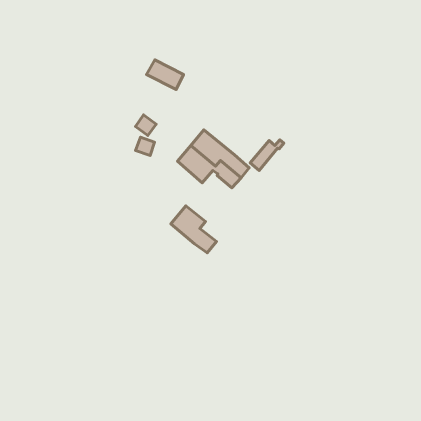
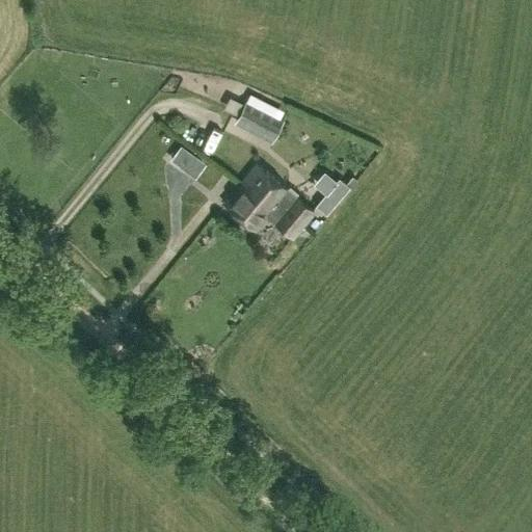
building: [147,60,184,89] -> [236,105,283,142]
building: [171,206,217,253] -> none

